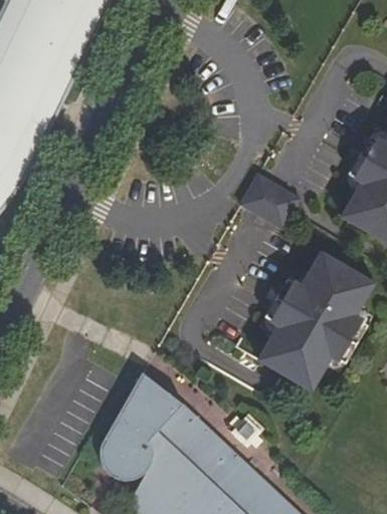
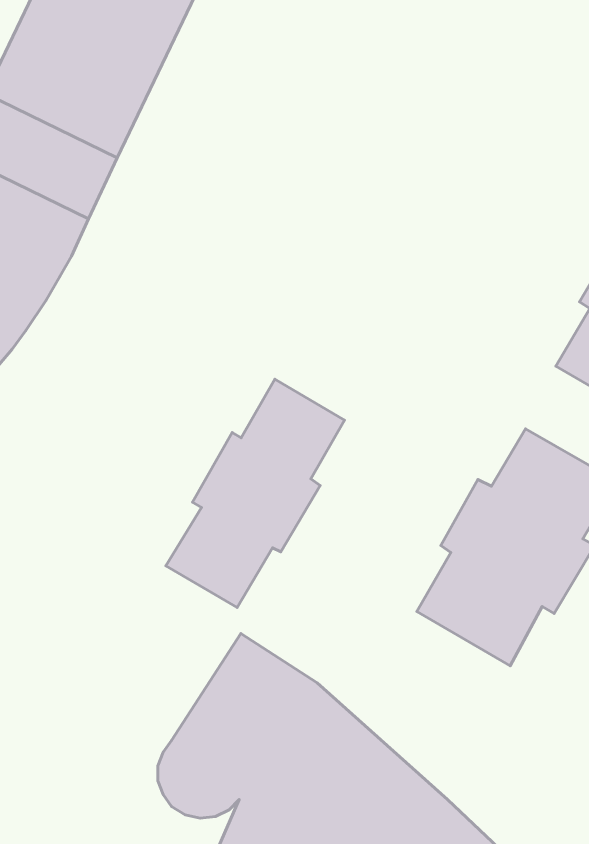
building: [245,176,305,231] -> none
building: none -> [166,379,345,607]

